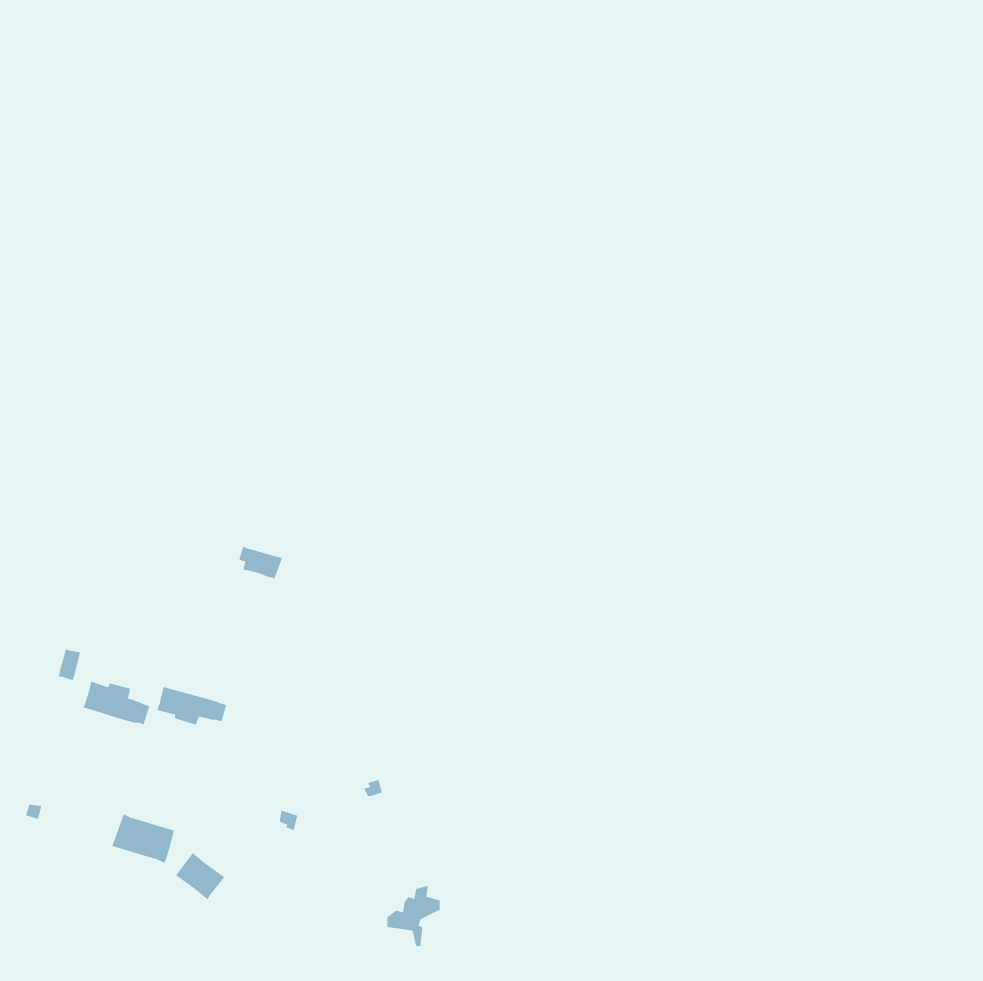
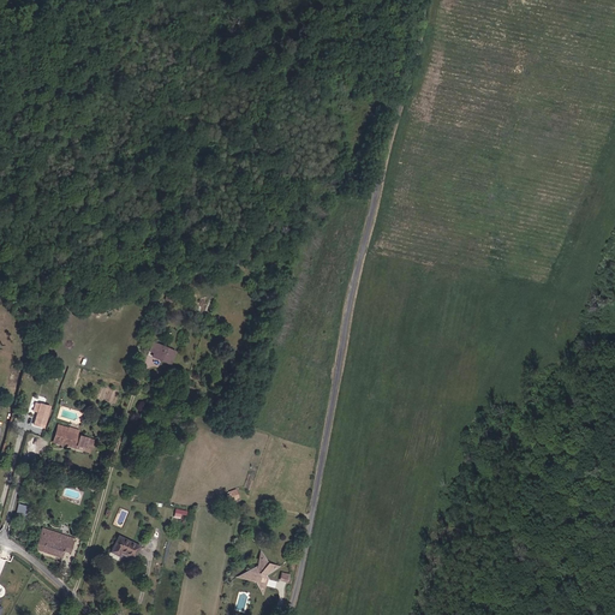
building: [156,686,227,725] -> none
building: [111,813,175,863] -> [35,527,74,559]

